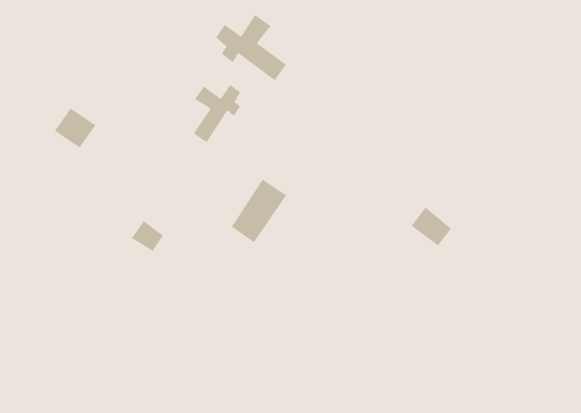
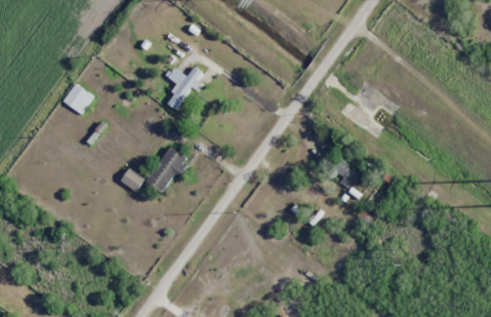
building: [215,14,287,81] -> none
building: [231,179,287,243] -> [146,146,188,194]

